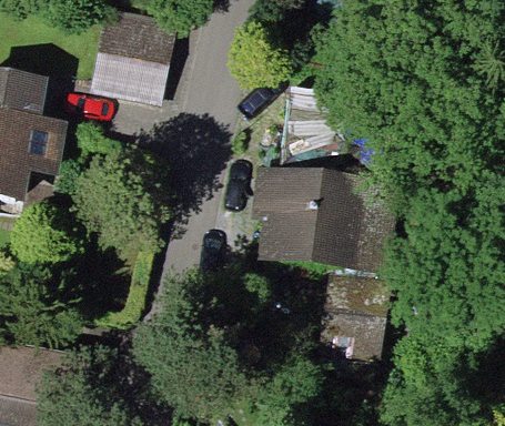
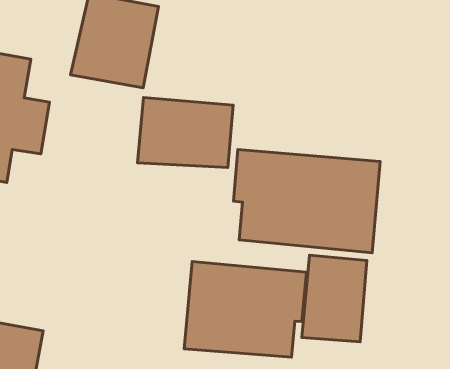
building: none -> [137,98,233,168]
building: none -> [184,261,307,357]

